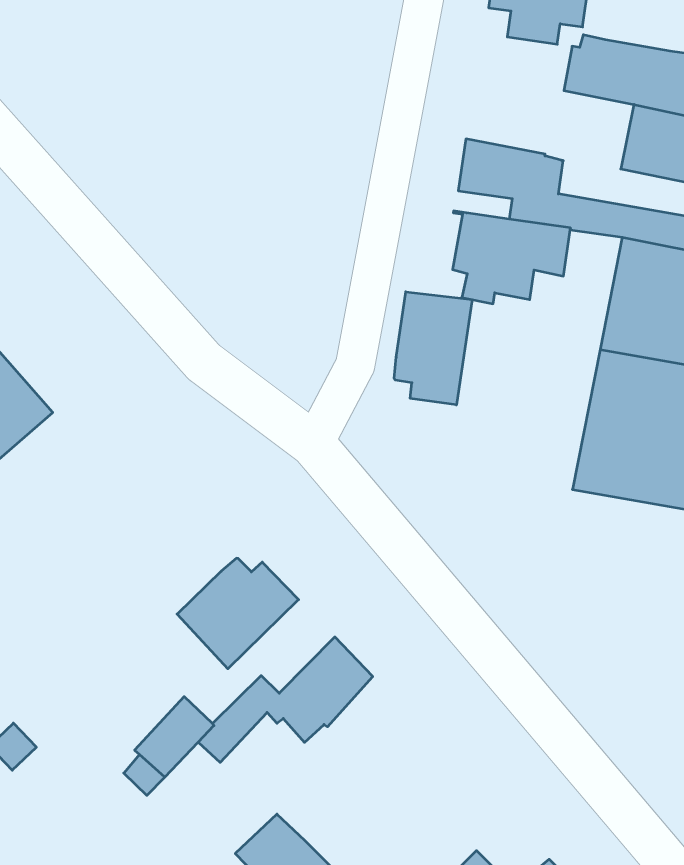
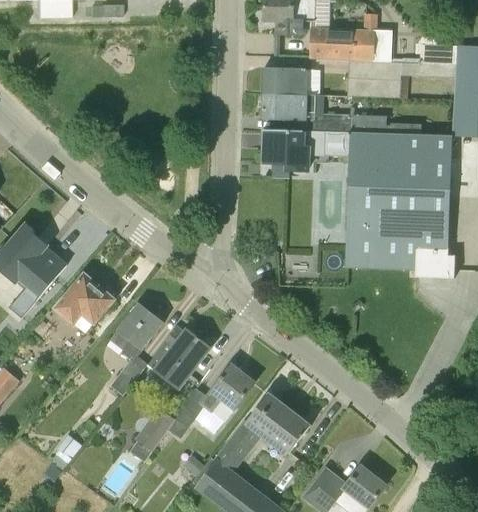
building: none -> [262,66,306,92]
building: [394,292,472,405] -> none
building: none -> [58,274,114,331]
building: none -> [110,302,163,394]
building: none -> [213,392,310,473]

